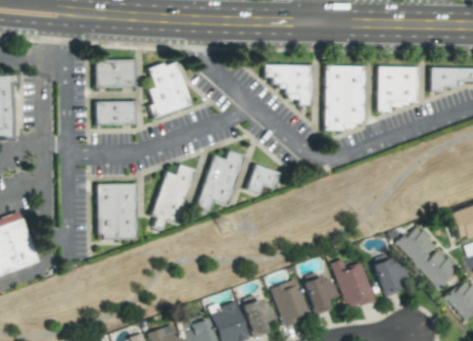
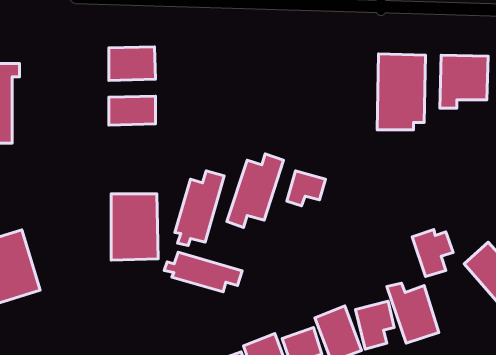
building: [149,60,191,117] -> none
building: [265,64,313,106] -> none
building: none -> [164,252,242,292]
building: [374,257,409,297] -> [412,229,453,276]

